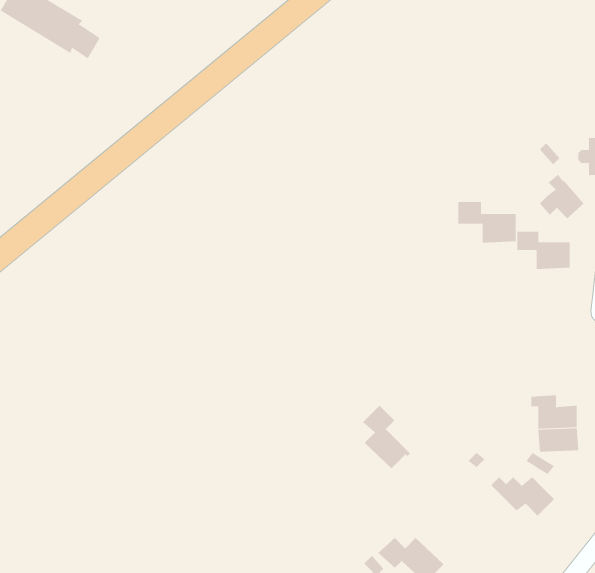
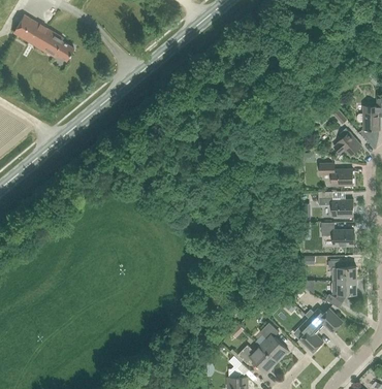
building: [457,201,517,243] -> [318,192,353,217]
building: none -> [321,222,353,246]
building: [362,405,411,469] -> [259,322,288,360]
building: none -> [299,318,323,352]

